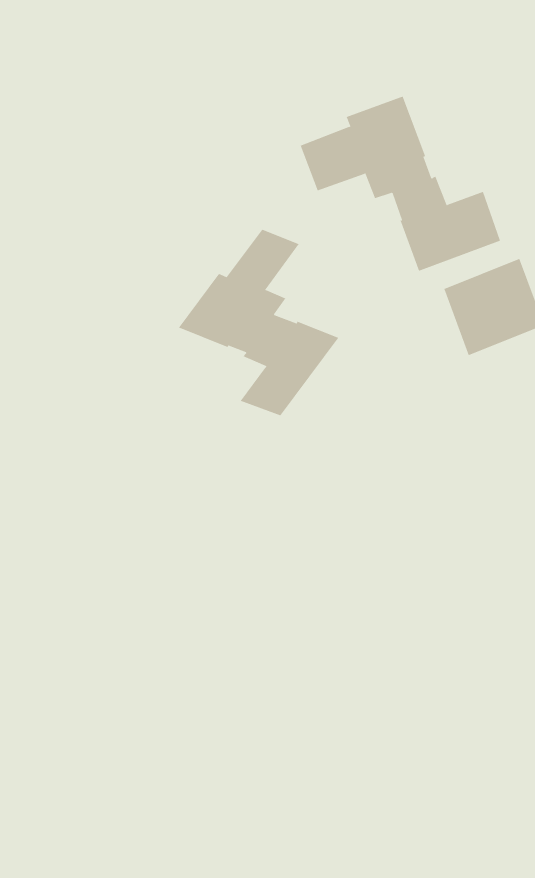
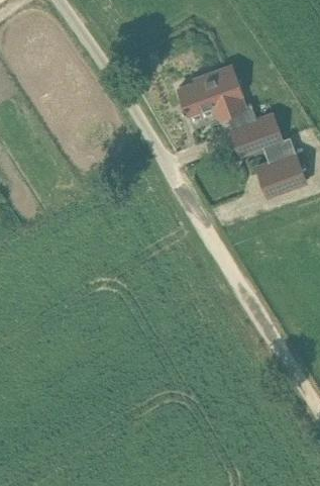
building: [178,229,339,416] -> none

